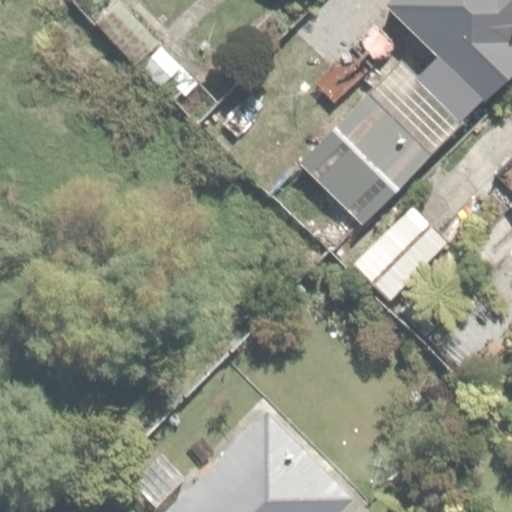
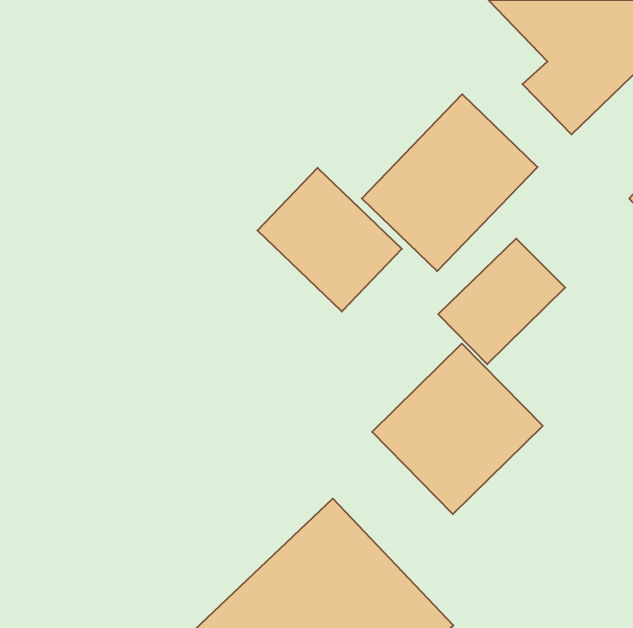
building: none -> [257,168,402,312]
building: none -> [372,344,543,514]

